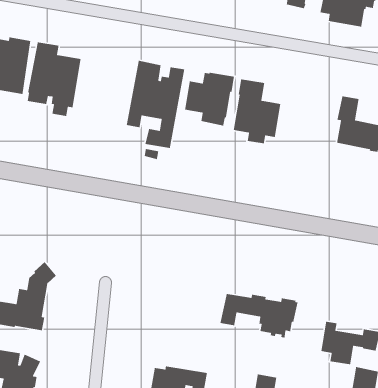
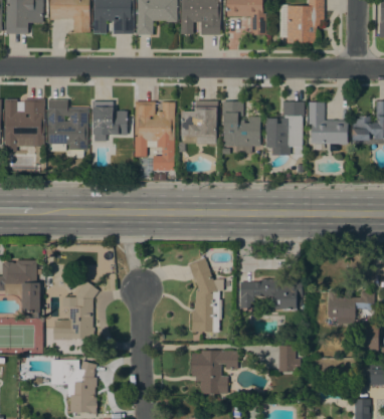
building: none -> [91,101,127,141]
building: none -> [265,101,304,146]
building: none -> [188,257,223,332]

